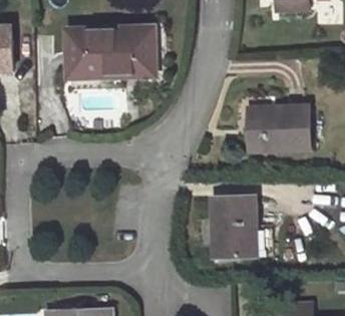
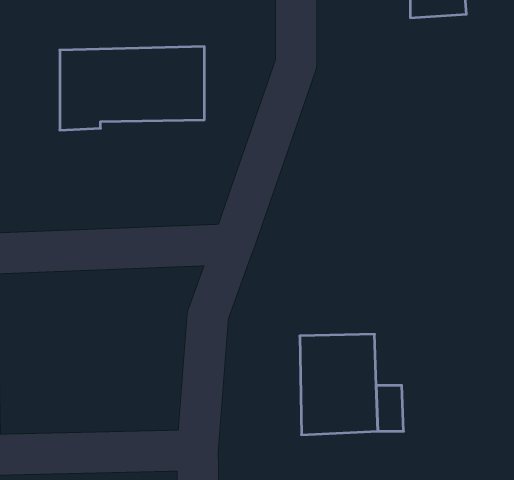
building: [249,106,309,151] -> none

